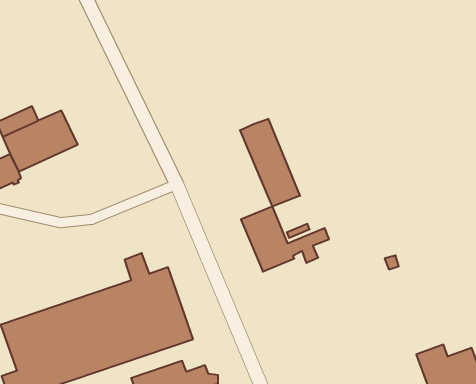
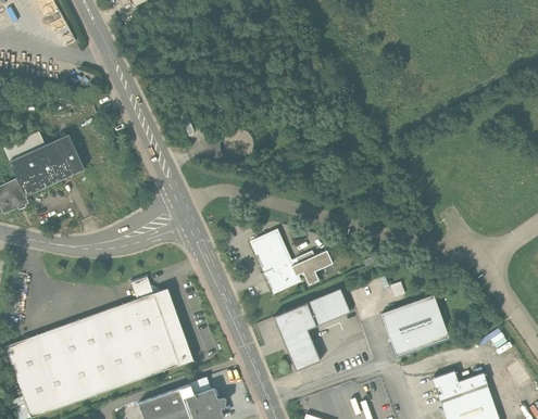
building: [240,119,300,206] -> none
building: none -> [273,291,354,370]
building: none -> [373,291,446,356]

